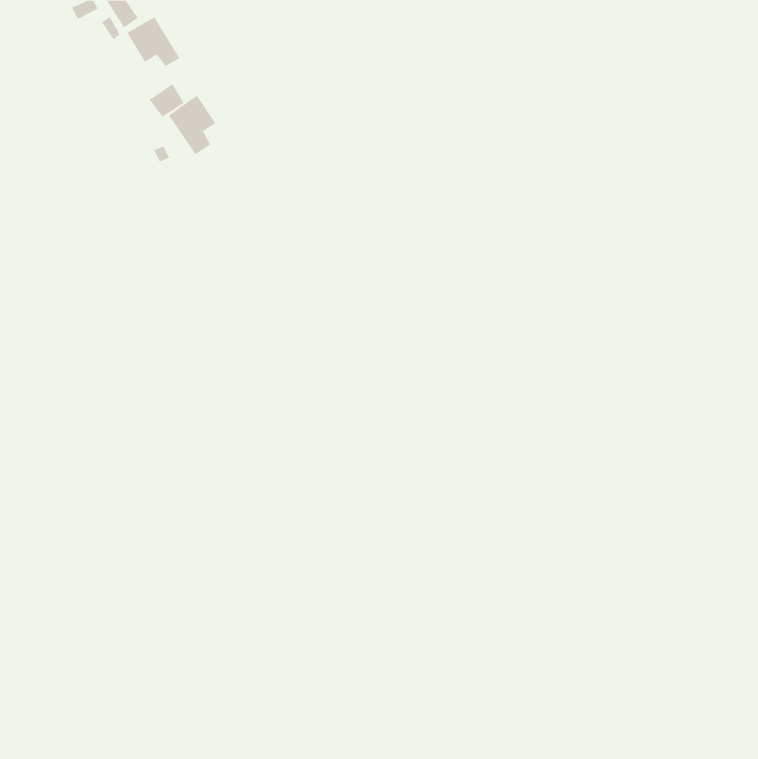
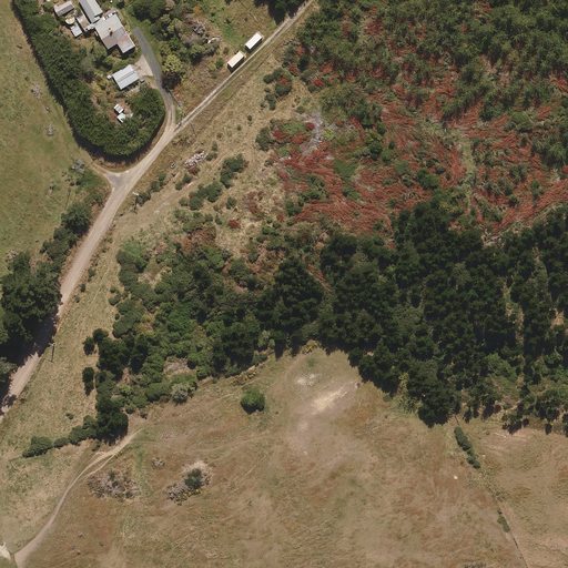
building: [168,95,216,155] -> none

